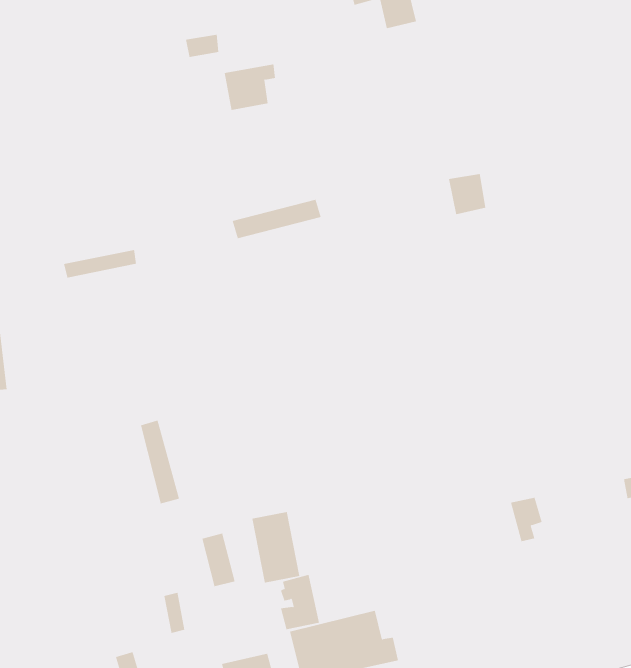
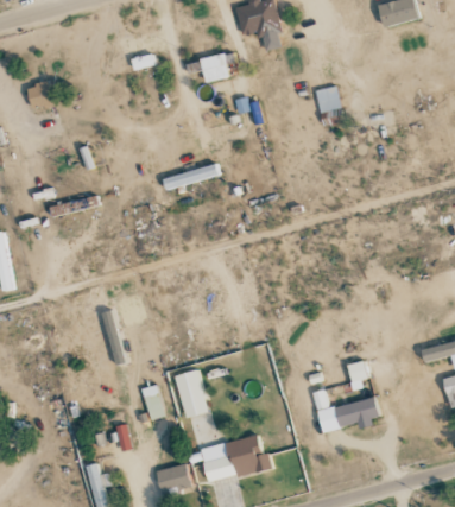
building: [224,64,276,111] -> [198,52,233,83]
building: none -> [26,82,51,109]
building: [448,174,486,215] -> [315,87,340,114]
building: none -> [311,391,379,432]

